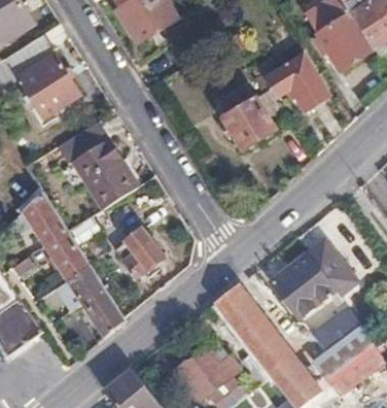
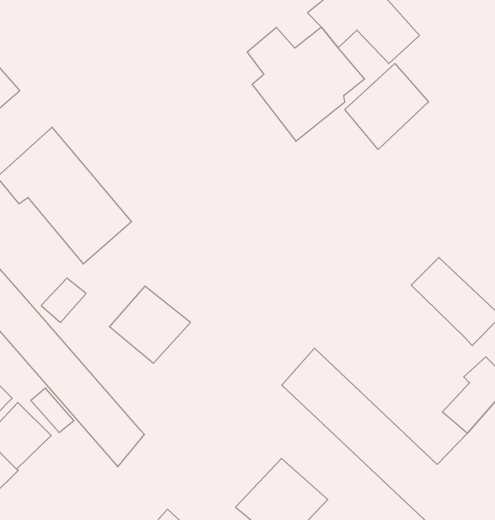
building: none -> [345,64,429,149]
building: [269,252,330,315] -> none

